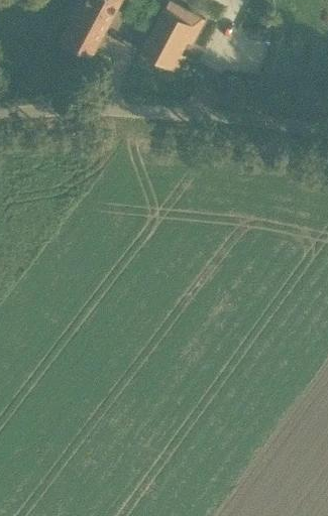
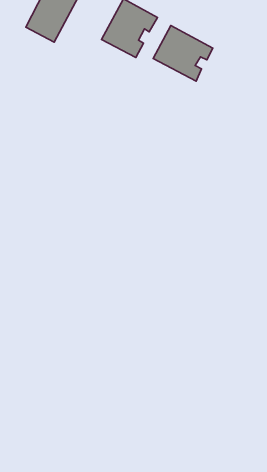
building: none -> [153,26,213,81]

